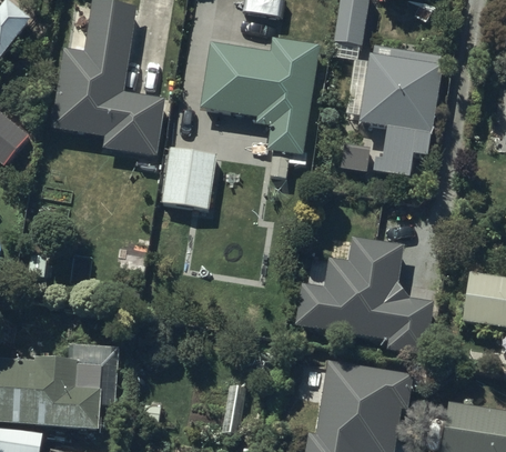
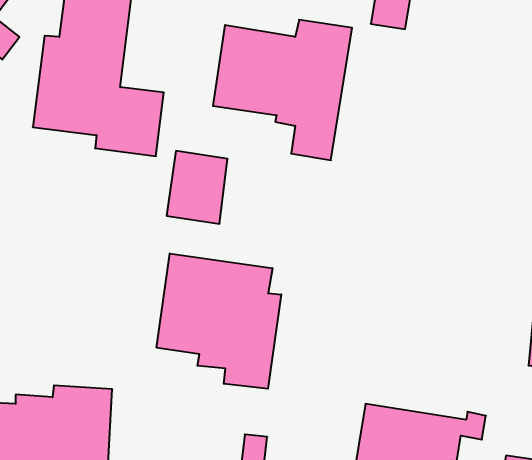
building: [361,47,443,175] -> none
building: none -> [157,253,281,389]
building: [296,237,432,353] -> none

